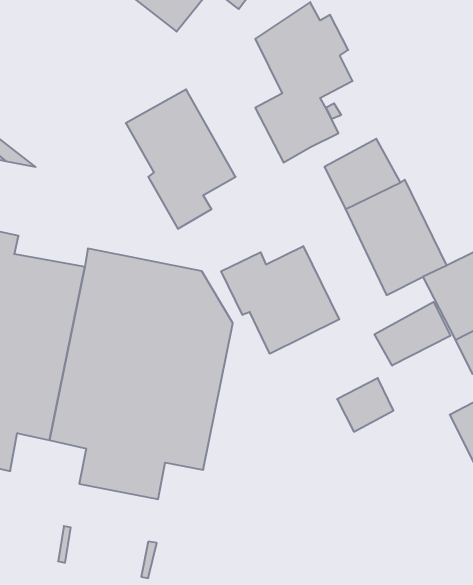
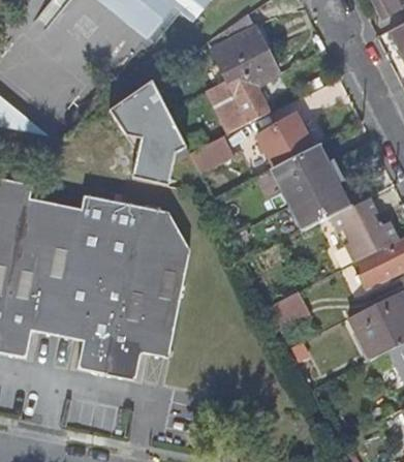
building: none -> [188,135,231,173]
building: [221,246,339,354] -> none
building: [374,302,451,366] -> none

